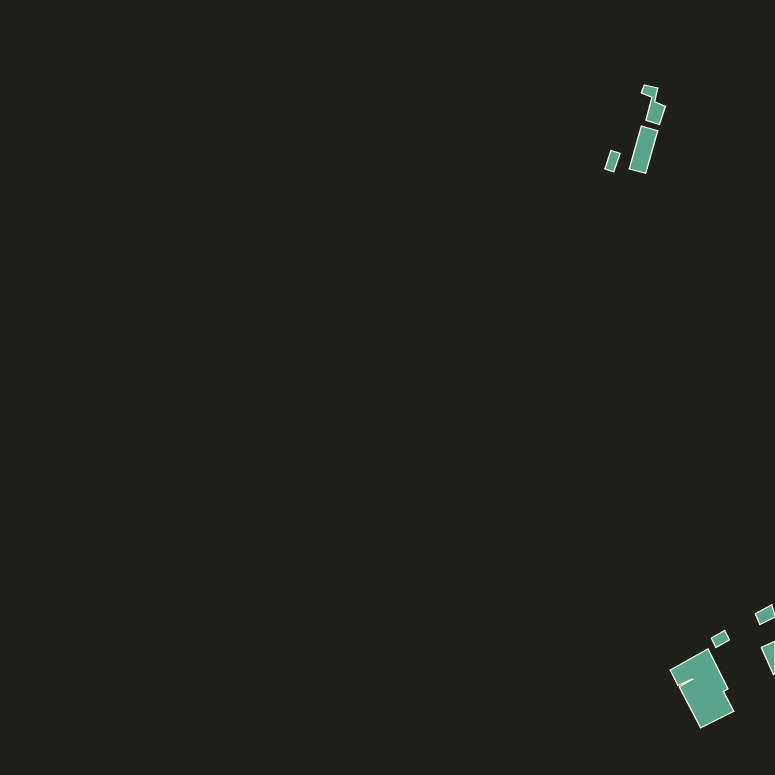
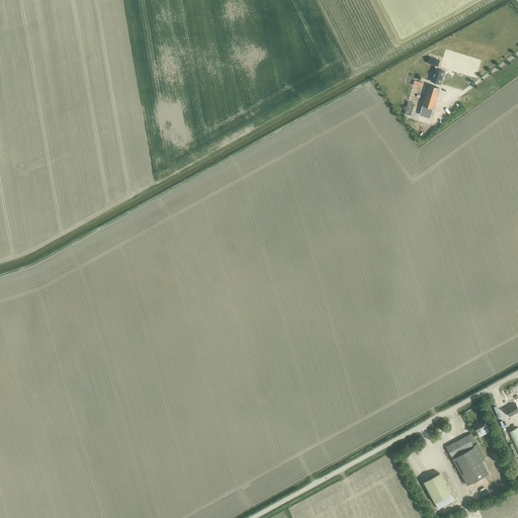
building: none -> [421,473,452,507]

